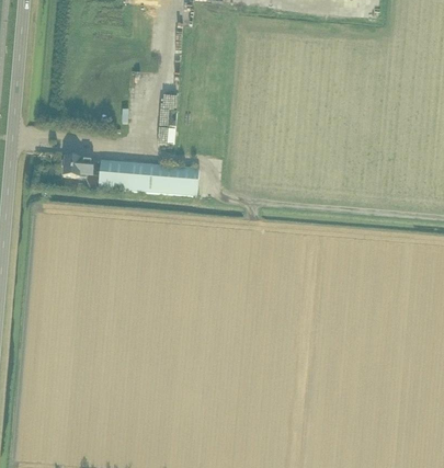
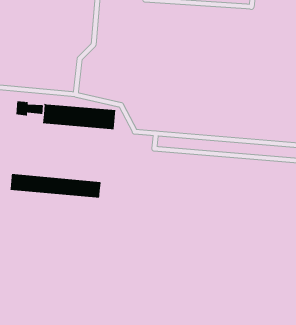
building: none -> [10,173,102,198]

